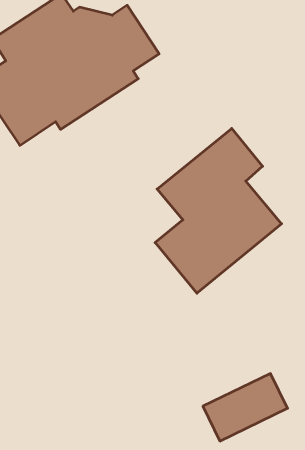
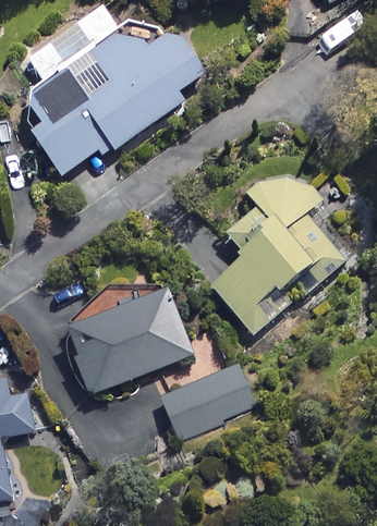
building: none -> [66,286,193,394]
building: [203,374,288,441] -> [161,366,254,440]

